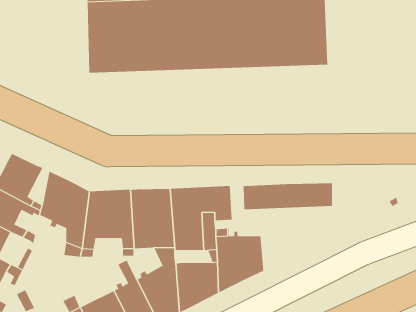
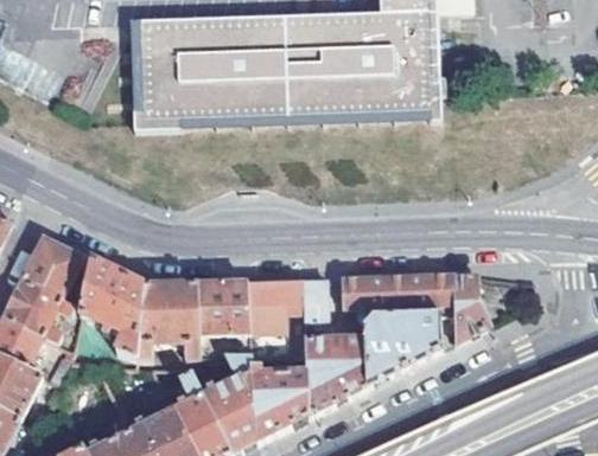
building: none -> [450,268,486,338]
building: none -> [360,312,439,381]

